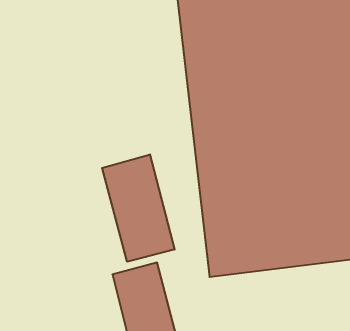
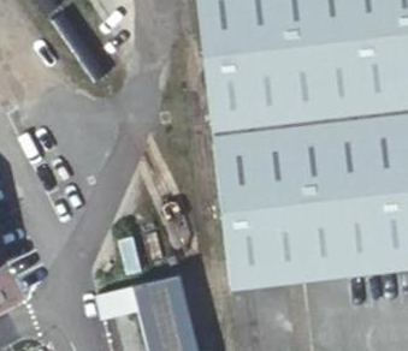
building: [102,154,175,262] -> none

